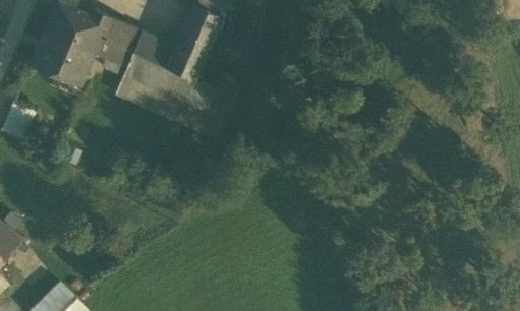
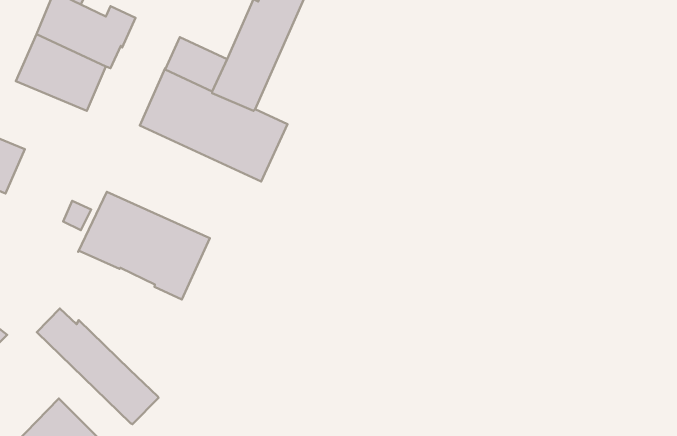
building: [93,18,136,80] -> none
building: none -> [78,192,210,299]
building: none -> [37,308,158,424]

